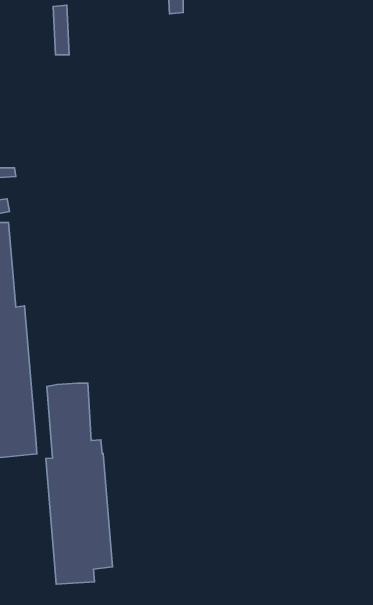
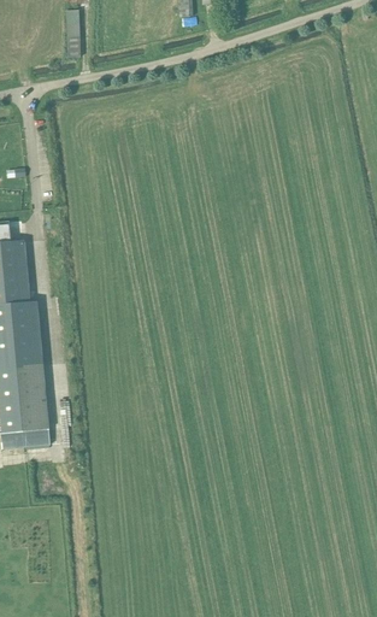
building: [46,383,113,584] -> none

